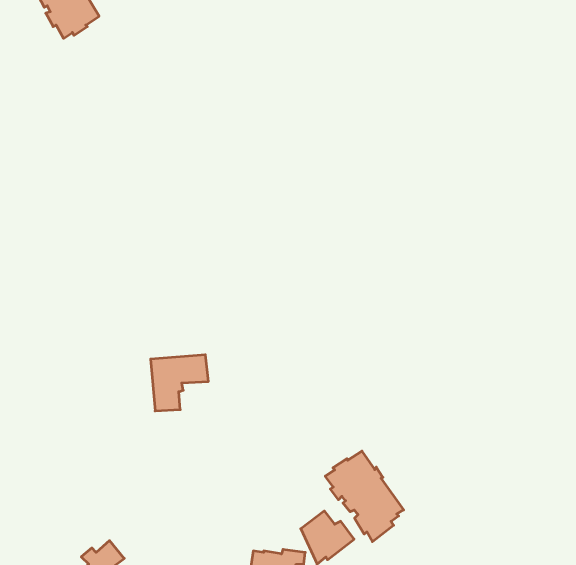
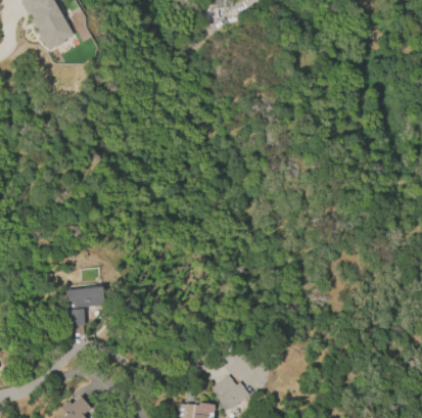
building: [151,355,208,411] -> [65,286,105,325]
building: [325,451,404,542] -> none

